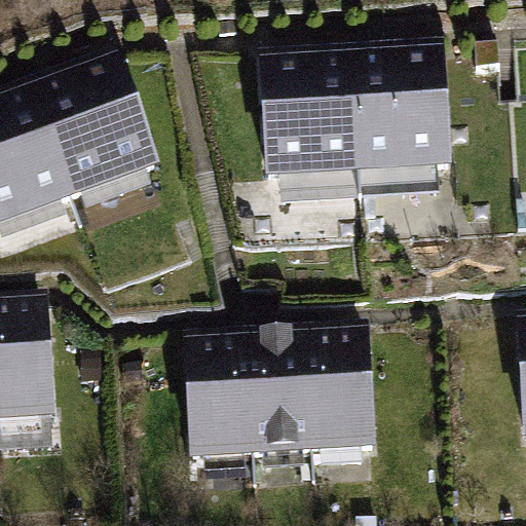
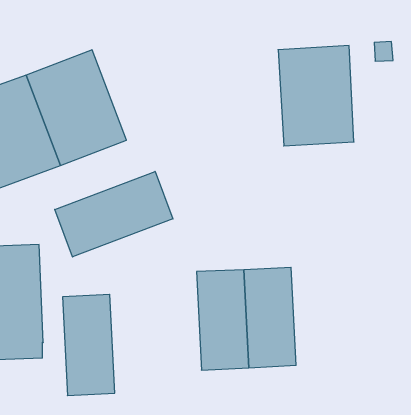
building: [261,63,356,189] -> none
building: none -> [55,171,173,257]
building: [188,342,254,469] -> [63,294,115,396]

